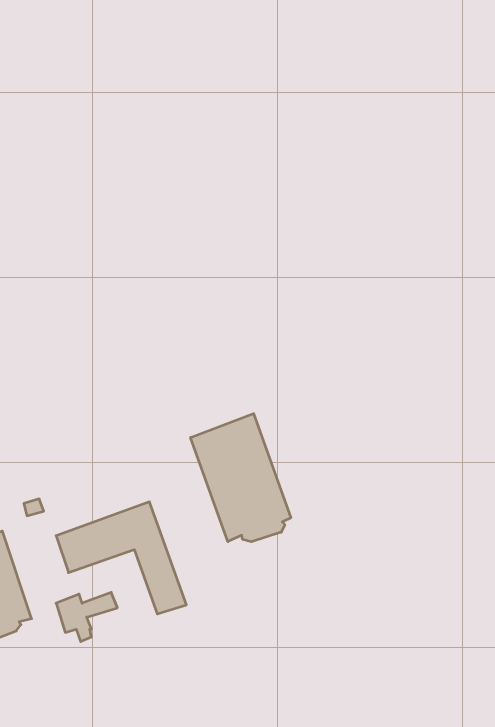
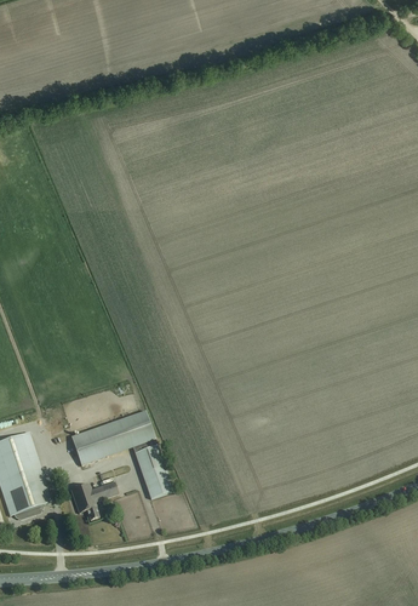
building: [191,414,291,542] -> none

